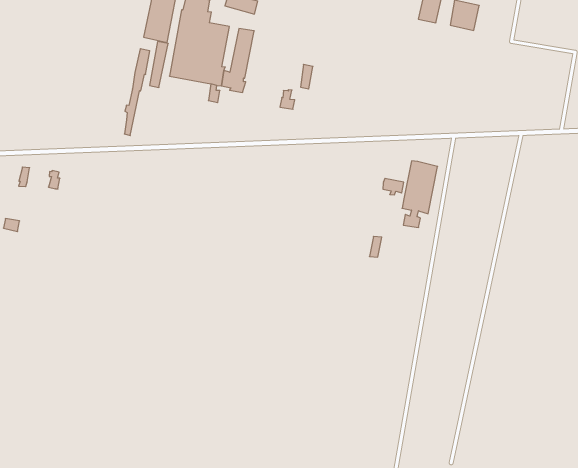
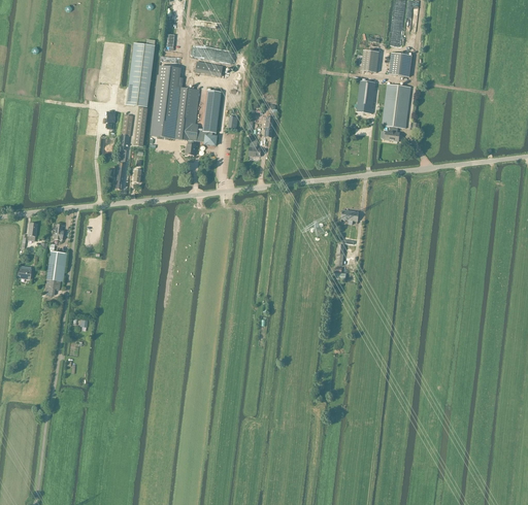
building: none -> [356,79,375,112]
building: [402,161,438,227] -> [383,83,410,140]
building: none -> [45,250,64,294]

